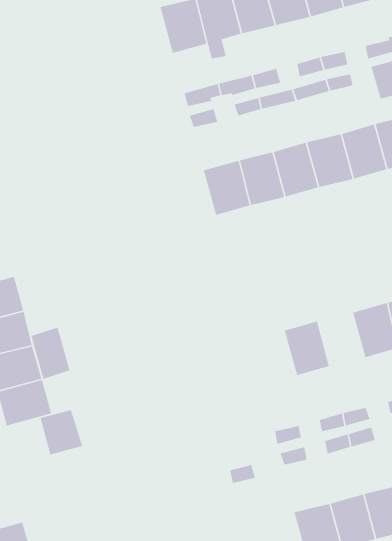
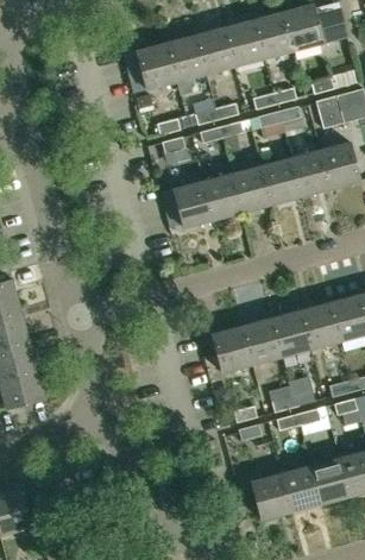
building: none -> [271,310,311,357]
building: [31,327,70,380] -> none
building: none -> [212,326,253,372]
building: [40,409,83,455] -> none

